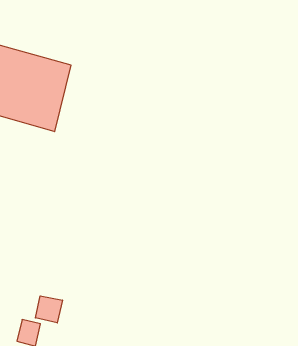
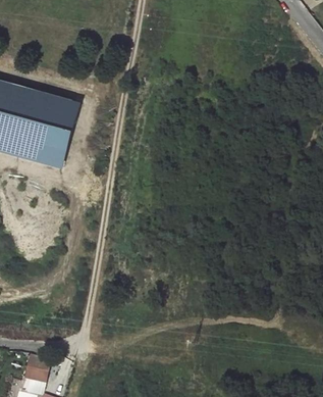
building: [35,296,62,323] -> none

